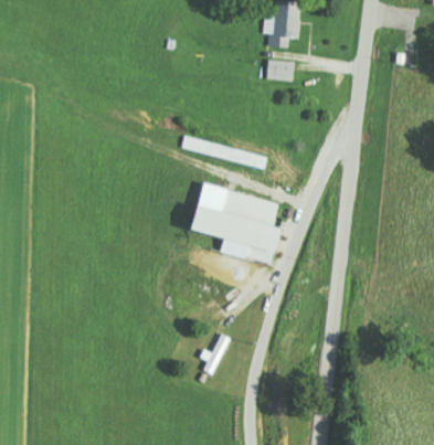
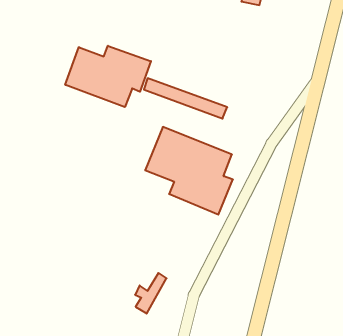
building: [265,61,293,81] -> none
building: none -> [65,46,151,107]

